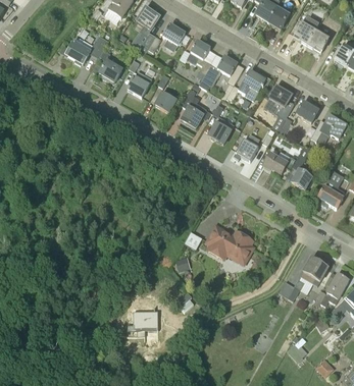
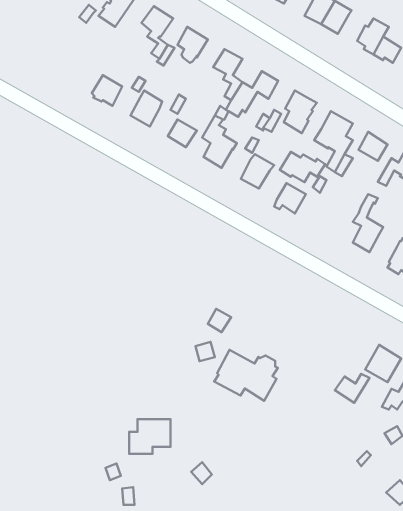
building: [66,34,107,63] -> none
building: [262,151,296,173] -> [280,152,325,182]
building: [205,225,252,263] -> [214,350,278,401]

